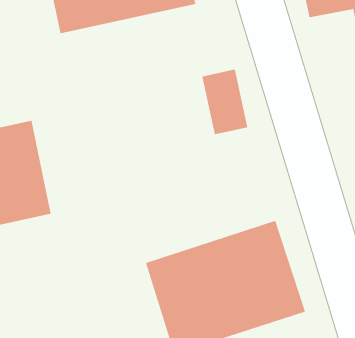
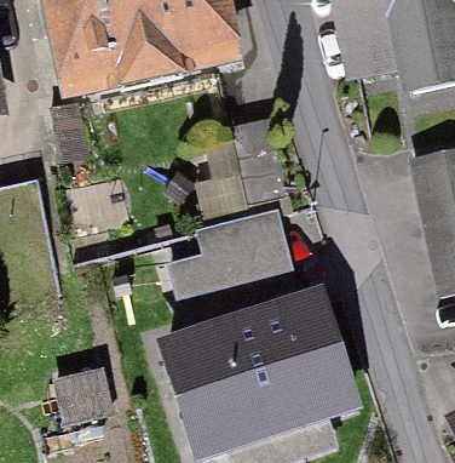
building: none -> [171,210,288,291]

